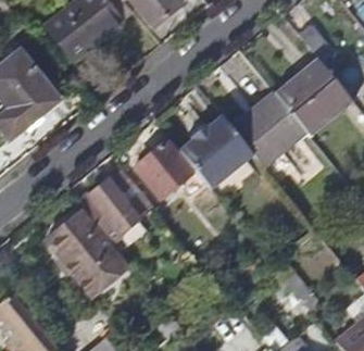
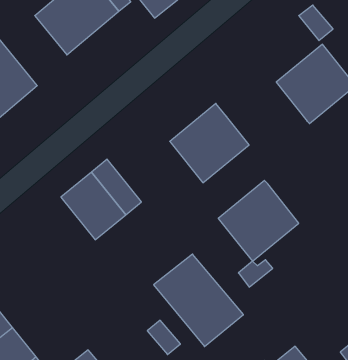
building: [231,91,305,165] -> [218,180,299,261]
building: [134,139,193,198] -> none
building: [45,210,127,294] -> [154,254,243,347]

